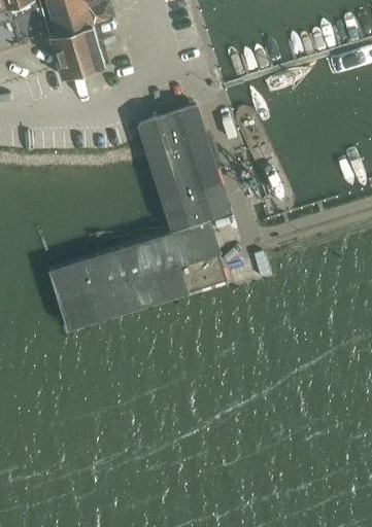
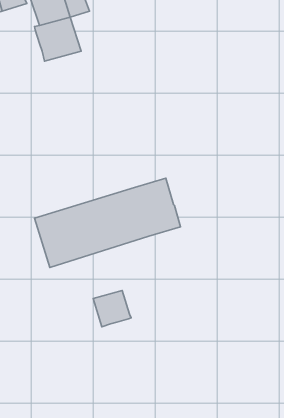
building: [140,105,227,225] -> none
building: none -> [93,291,131,327]

